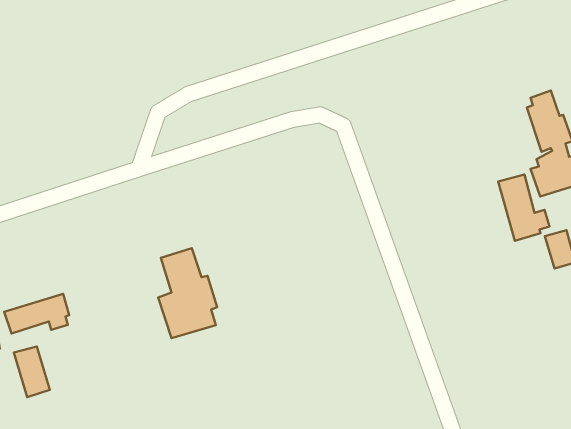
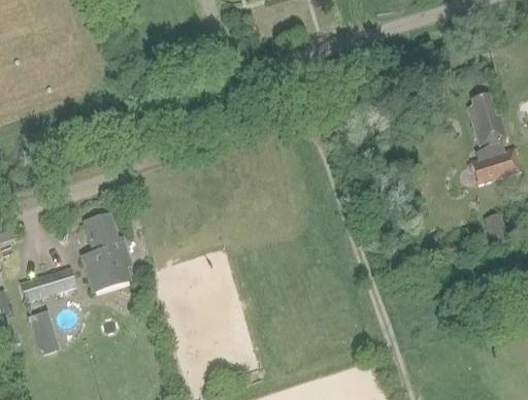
building: [498,175,550,241] -> none
building: [158,248,217,338] -> [80,212,131,290]

